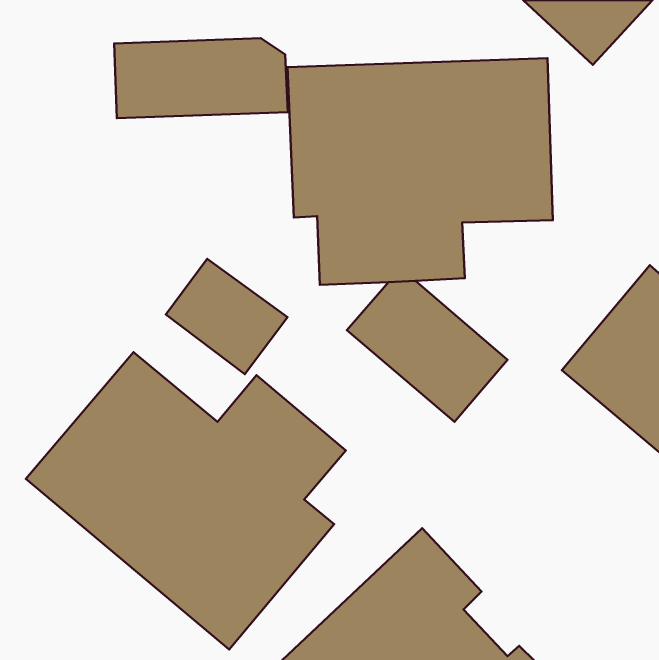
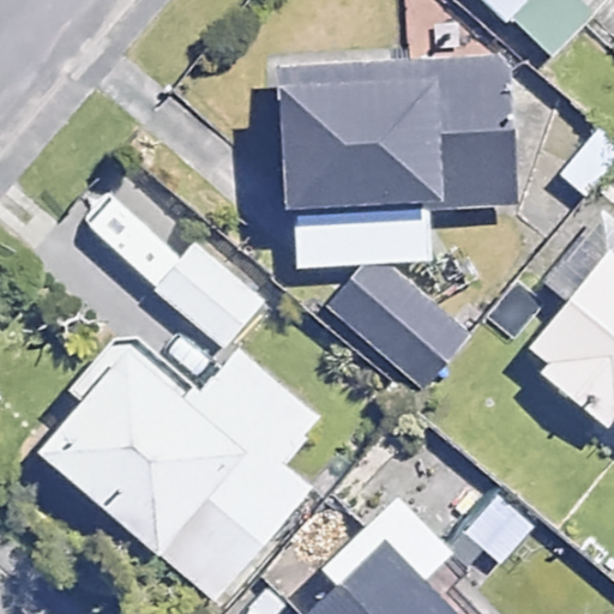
building: [114,38,288,118] -> none

